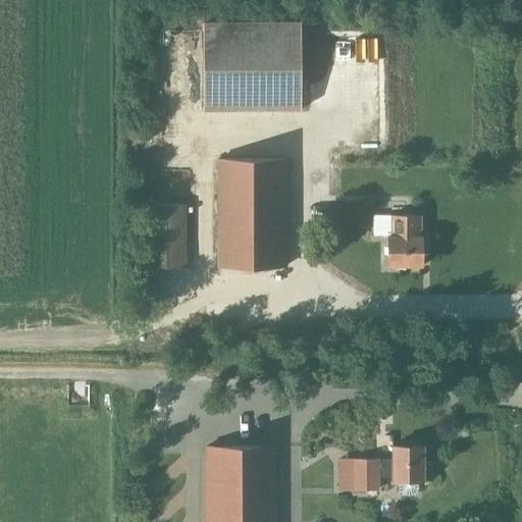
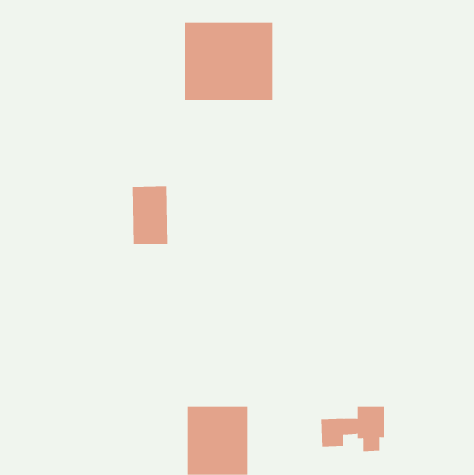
building: [218,159,285,266] -> none
building: [387,215,422,266] -> none

